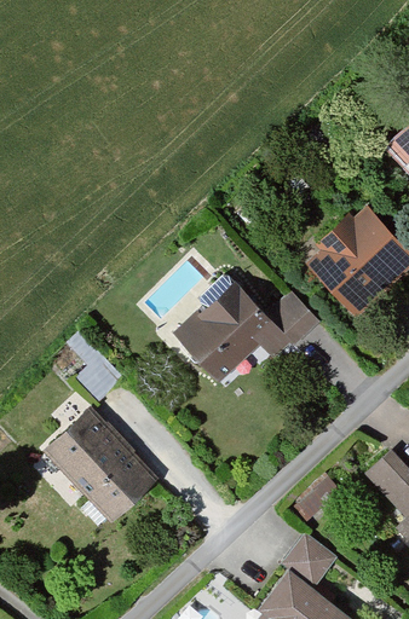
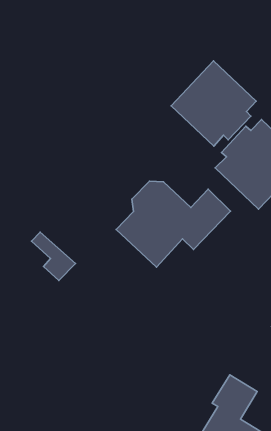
building: none -> [171,61,256,146]
building: [40,407,160,528] -> none

